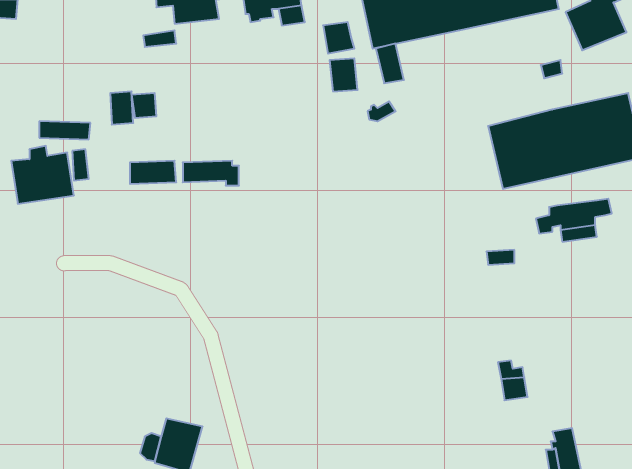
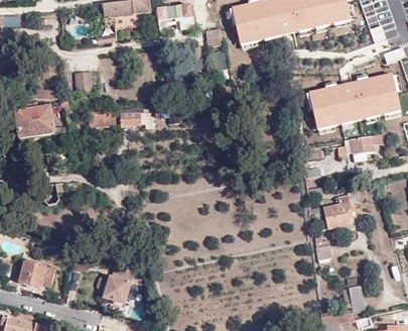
building: none -> [322,196,353,229]
building: none -> [18,259,54,290]

